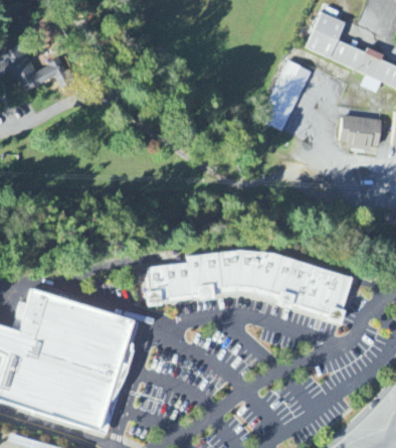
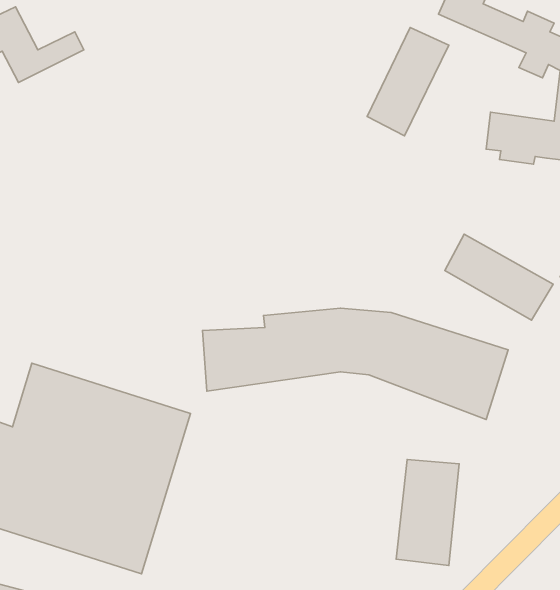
building: none -> [445,234,553,320]
building: none -> [396,460,459,566]

